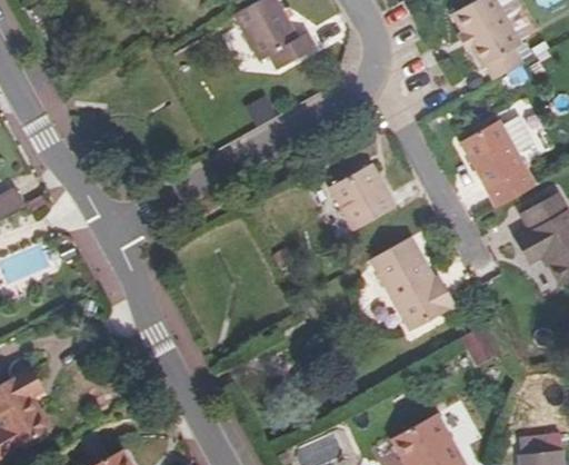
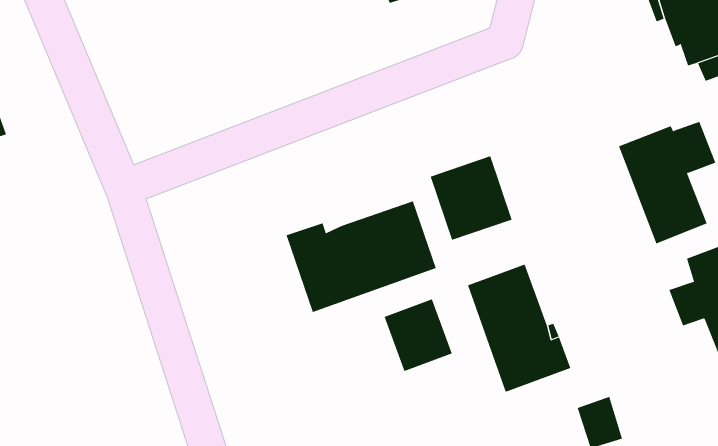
building: none -> [286,201,436,313]
building: none -> [384,299,452,372]

